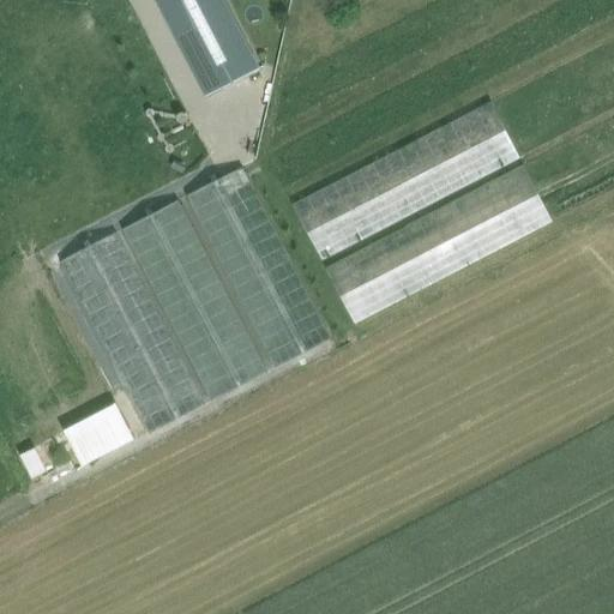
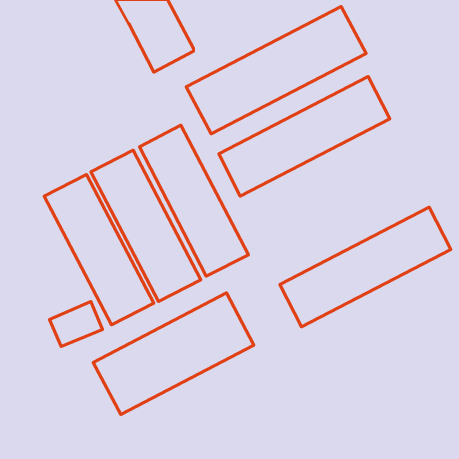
building: none -> [186,6,366,134]
building: [324,165,552,325] -> [280,207,451,327]
building: none -> [93,293,254,414]

